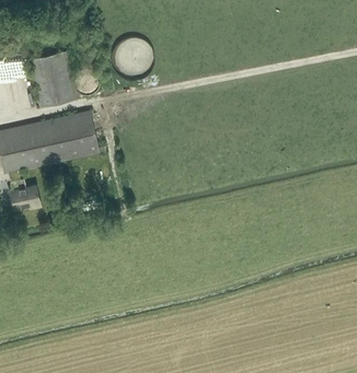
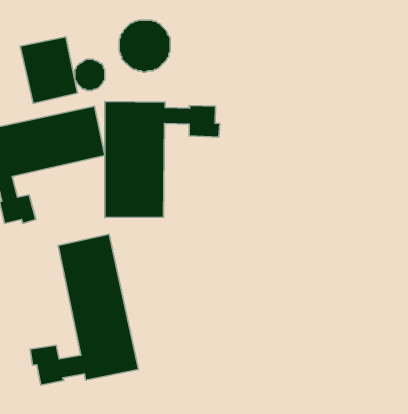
building: none -> [105,101,220,217]
building: none -> [30,234,138,385]

